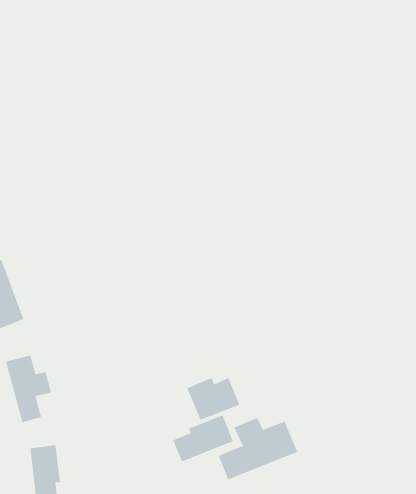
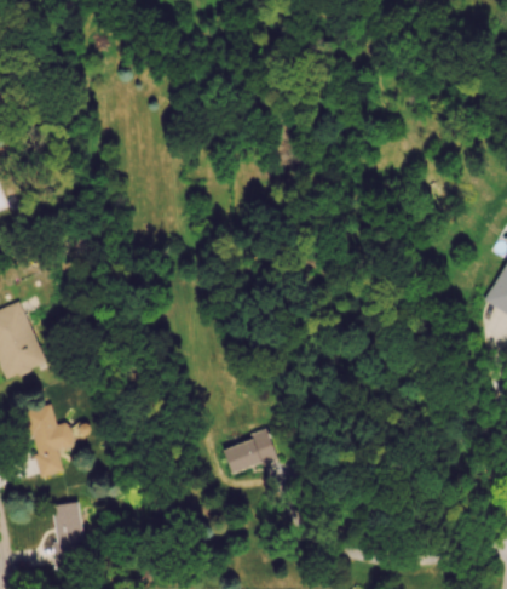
building: [173,414,234,462] -> none
building: [218,417,298,480] -> none

